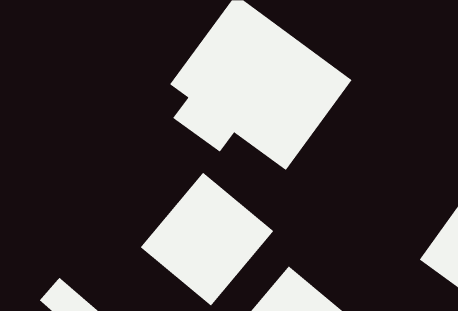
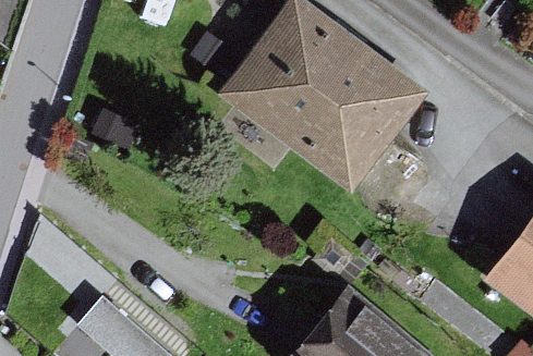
building: [140,172,274,307] -> none

